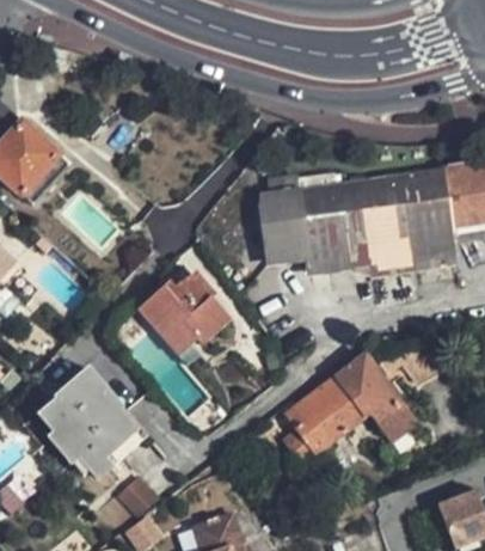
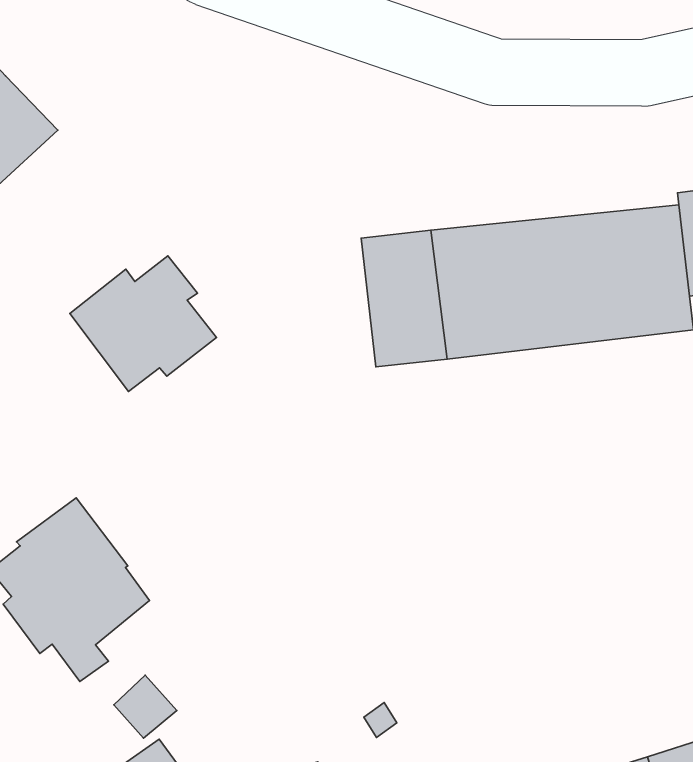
building: [136,273,226,356] -> [70,256,217,392]
building: [293,356,409,451] -> none

